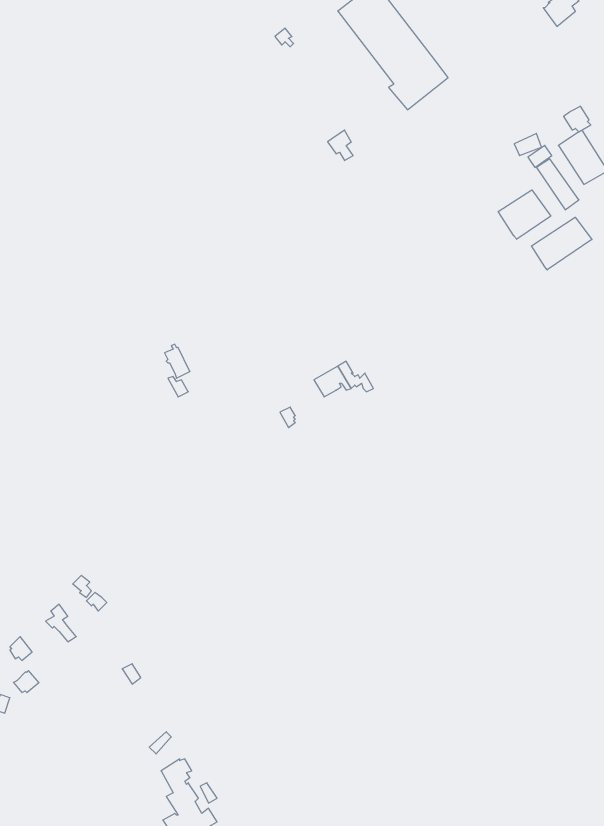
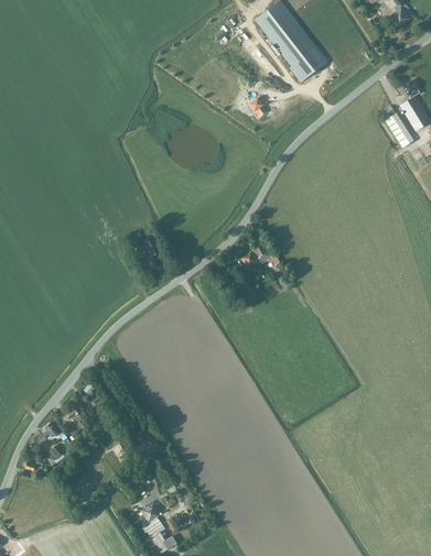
building: [498,190,551,239] -> none
building: [531,217,592,270] -> none

